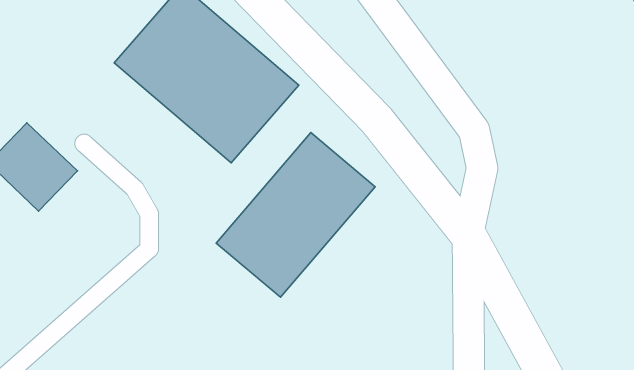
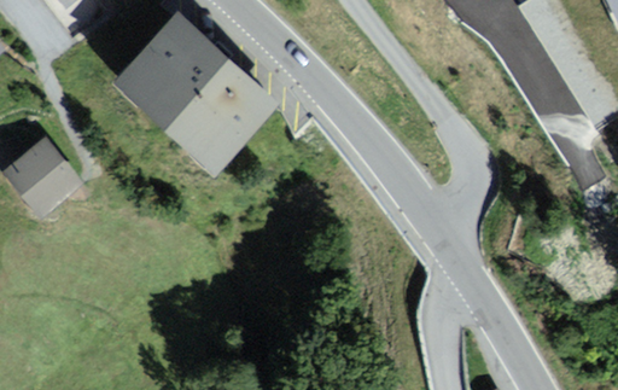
building: [216,133,375,297] -> none

